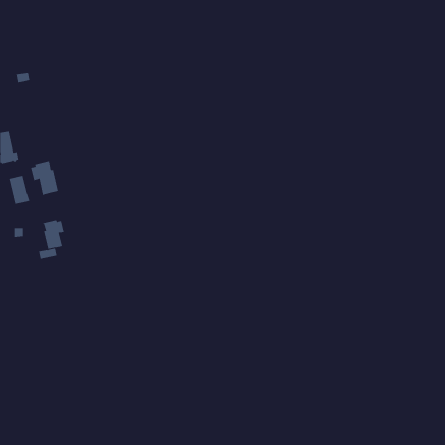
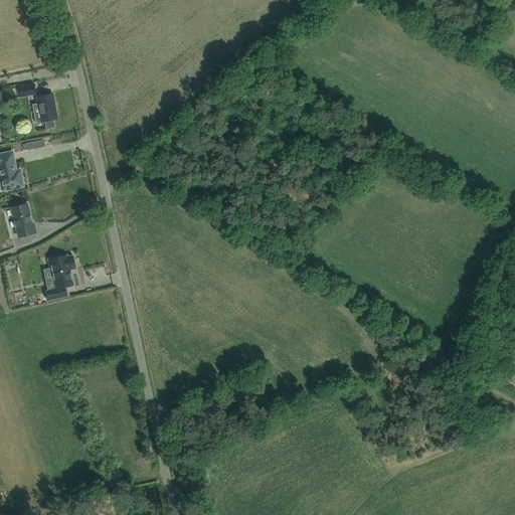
building: none -> [35,93,56,128]
building: [31,160,59,195] -> none

